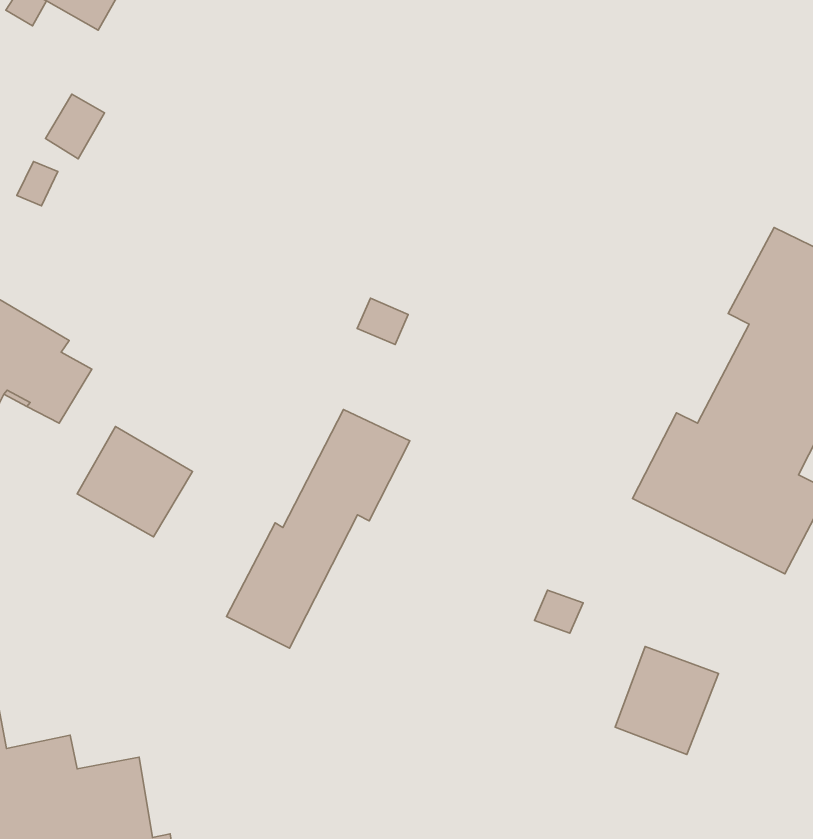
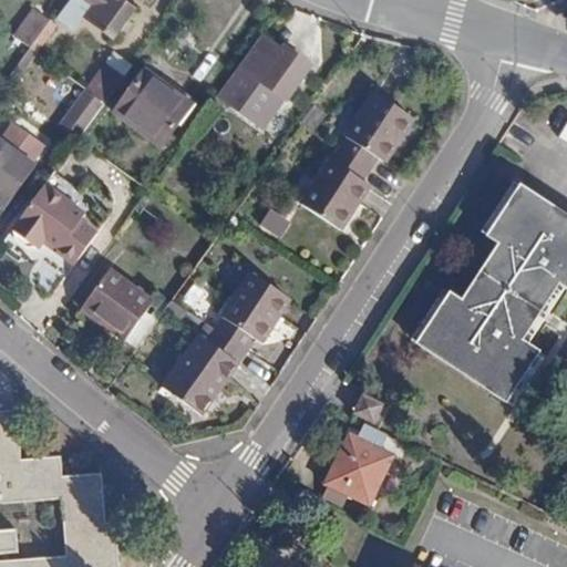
building: none -> [216,34,310,126]
building: none -> [110,65,192,147]
building: none -> [299,91,411,226]
building: [615,646,719,755] -> [324,433,391,502]

